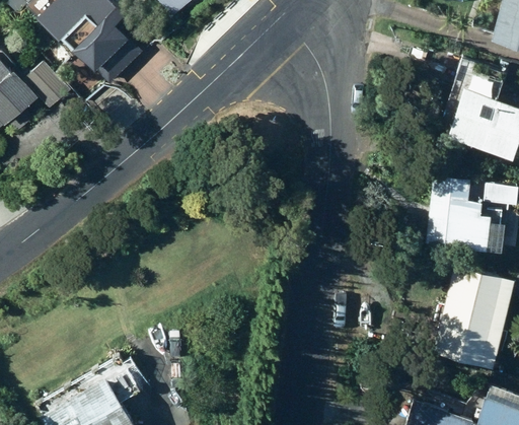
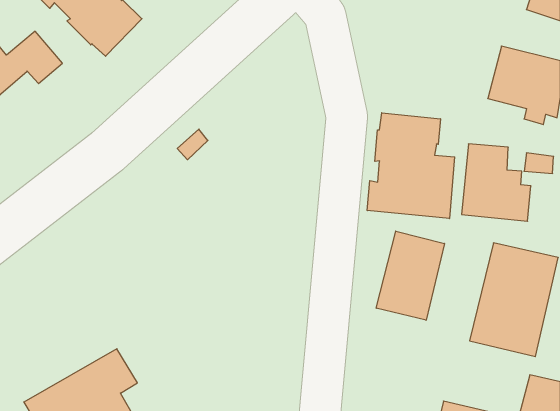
building: none -> [367,113,455,219]
building: none -> [376,231,444,320]

